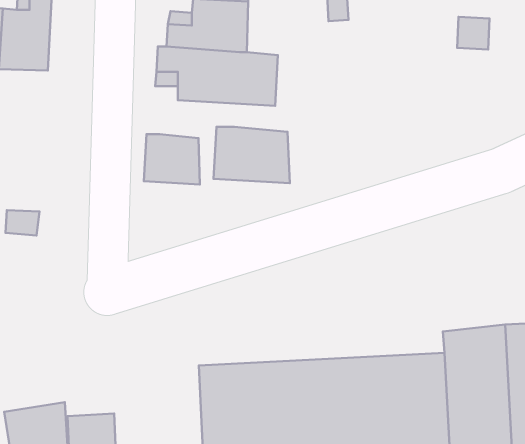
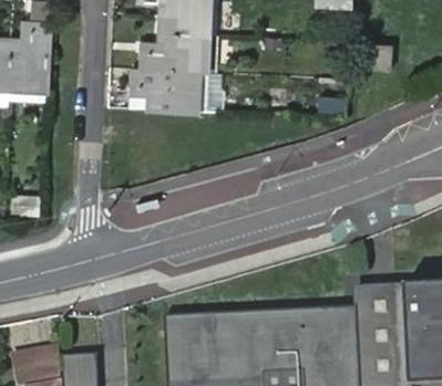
building: [214,127,290,183] -> none
building: [144,134,200,184] -> none

